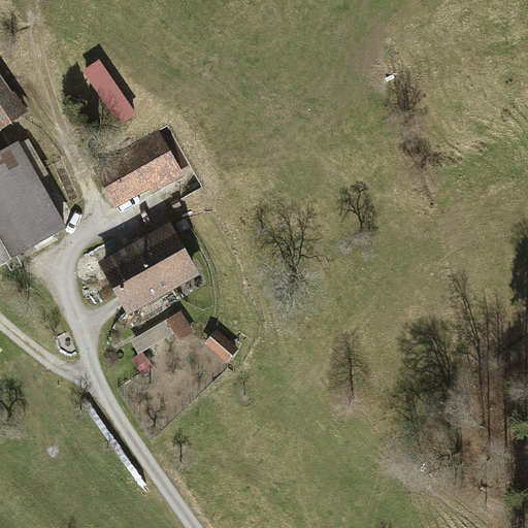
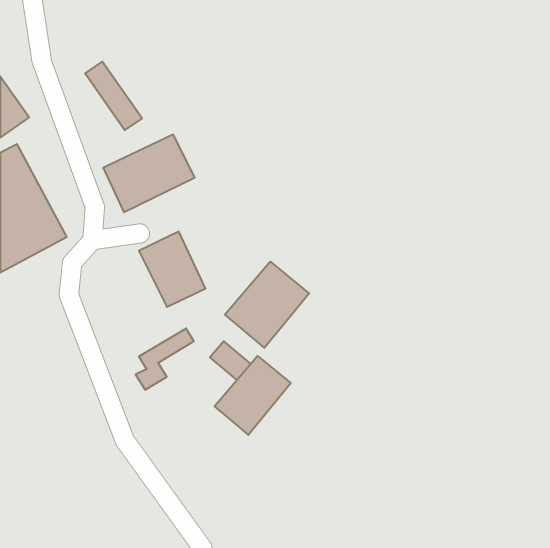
building: [96,240,160,312] -> none
building: none -> [225,262,309,348]
building: none -> [214,356,291,435]

